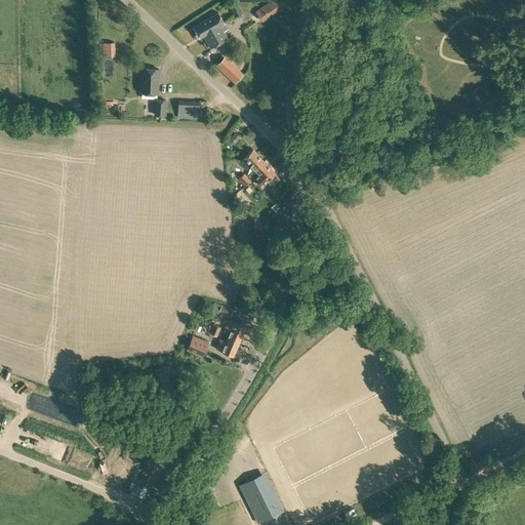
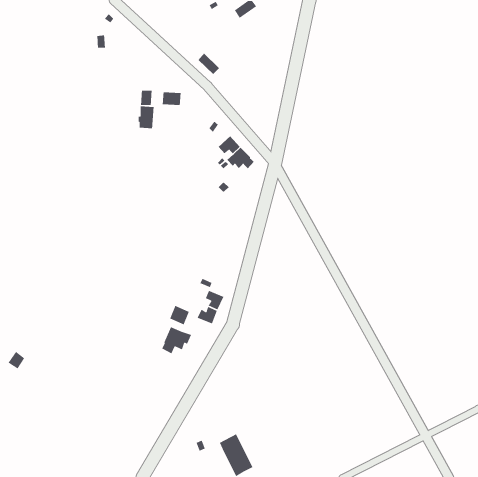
building: [193,13,230,49] -> none
building: [140,69,159,94] -> [138,106,155,129]
building: none -> [161,326,192,355]

